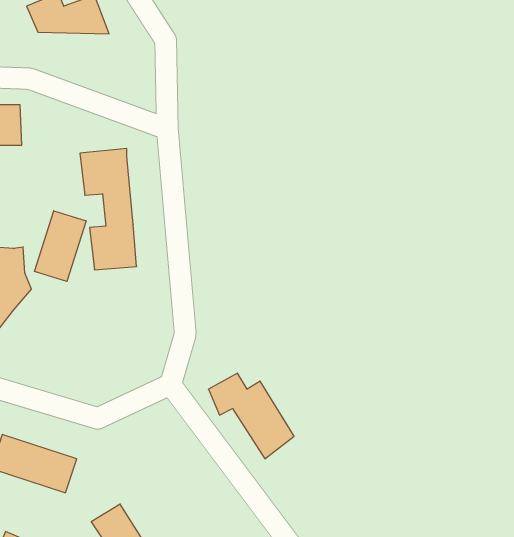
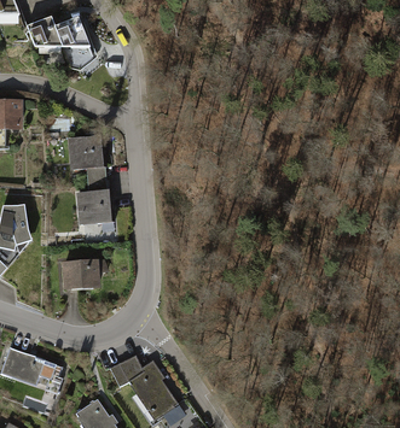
building: [35,211,86,281] -> none
building: none -> [63,258,98,291]
building: [208,373,294,459] -> [110,354,174,418]

